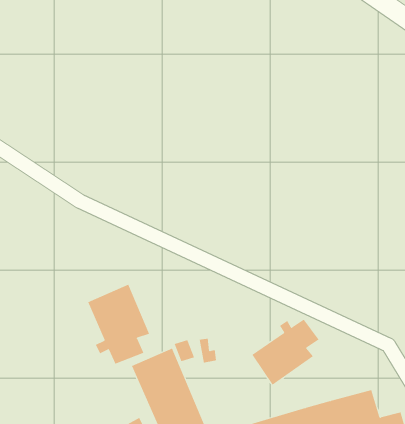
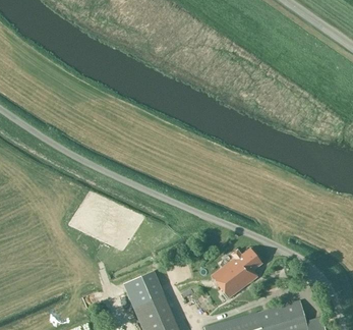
building: [88,284,150,365] -> none

